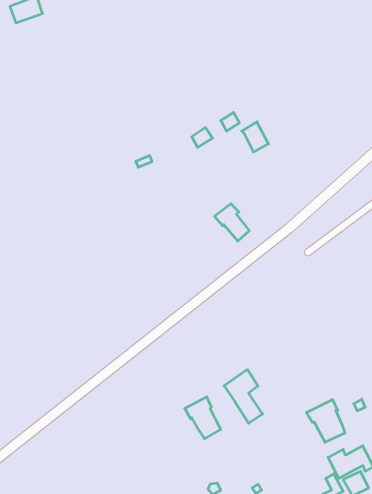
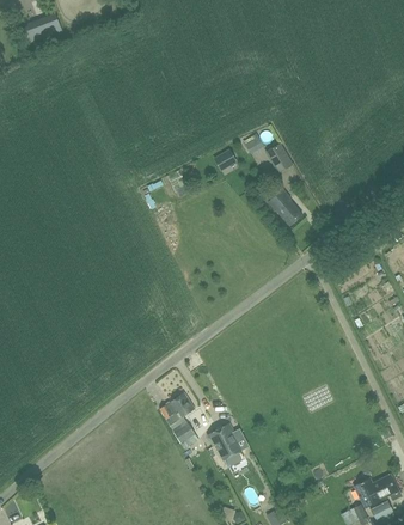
building: [215,204,249,241] -> [267,188,302,226]
building: [224,370,263,423] -> [160,392,200,447]
building: [306,400,345,442] -> none

